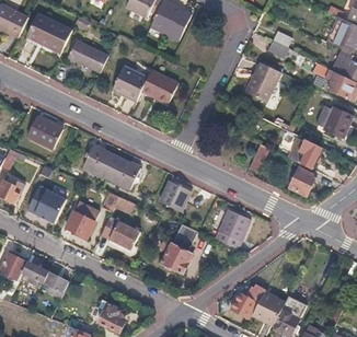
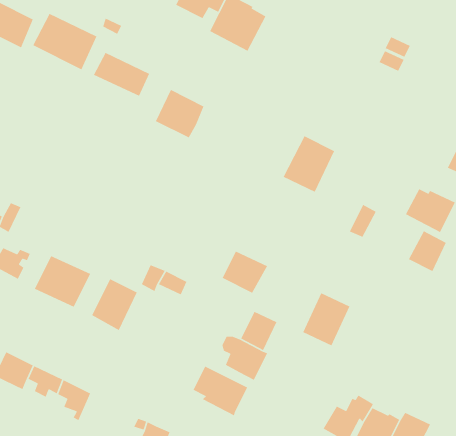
building: [244,60,281,101] -> [282,135,335,193]
building: [141,70,177,103] -> none
building: [27,114,62,148] -> none
building: [85,146,139,187] -> none
building: [101,214,140,251] -> [192,365,248,417]

